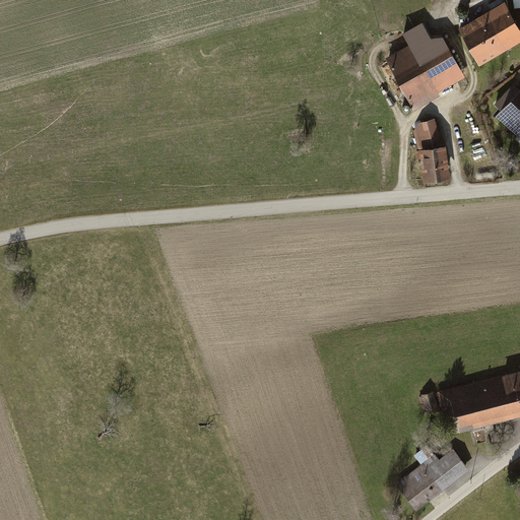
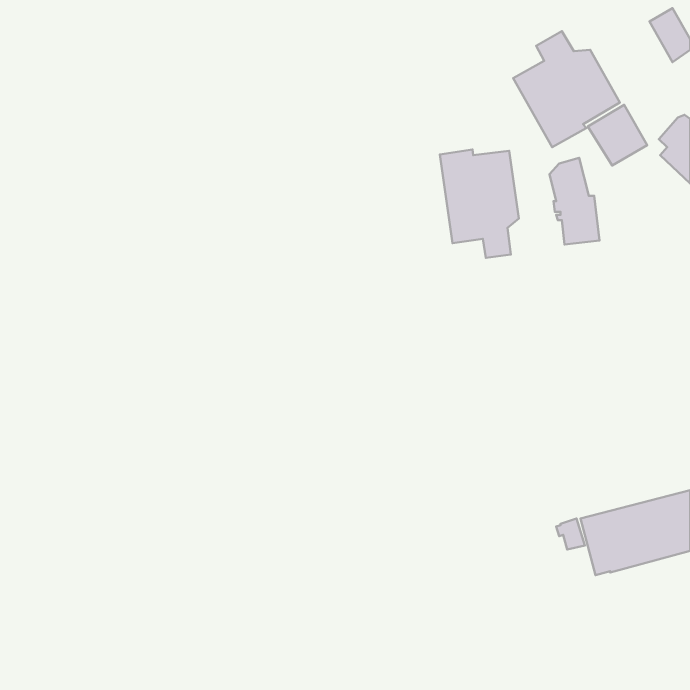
building: [461,16,506,62] -> [588,105,647,166]
building: none -> [440,150,519,258]
building: [395,447,470,510] -> none

